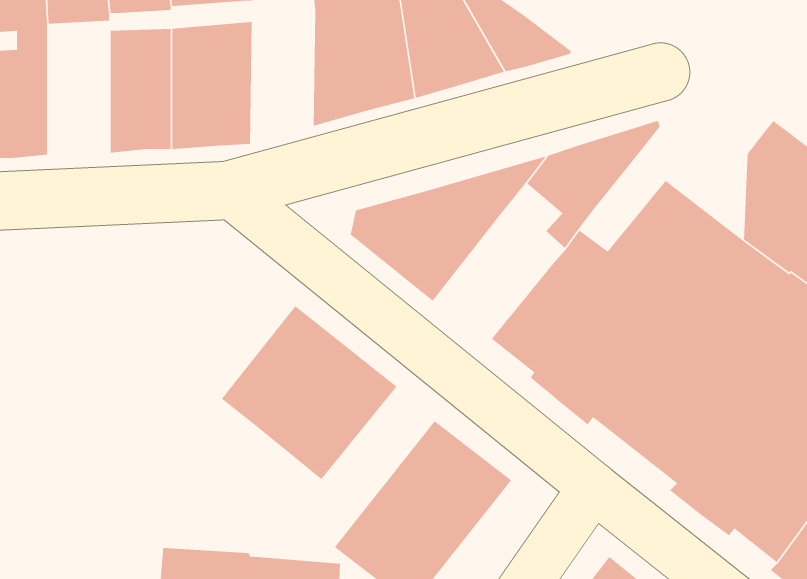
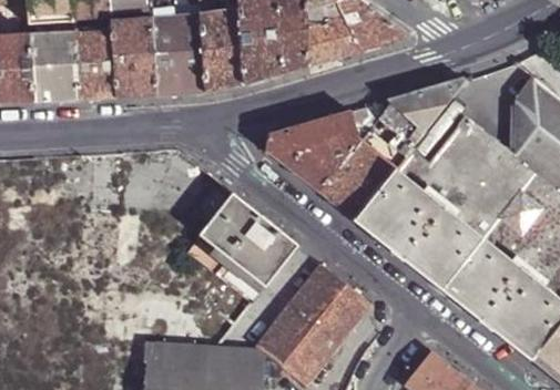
building: none -> [205,9,245,93]
building: none -> [78,25,116,100]
building: none -> [319,140,395,218]

